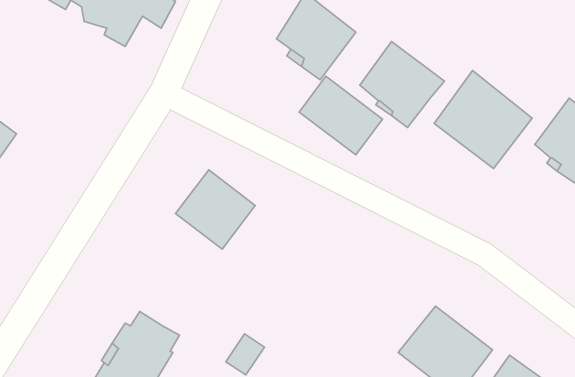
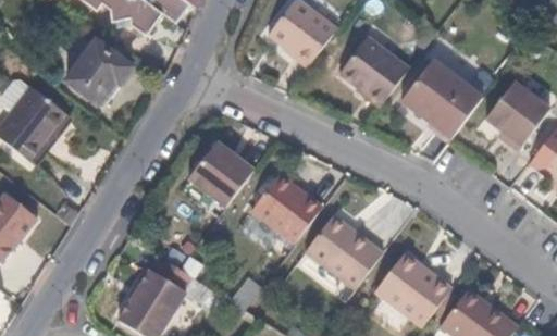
building: none -> [67,40,133,105]
building: [299,76,383,155] -> none
building: none -> [251,173,322,242]
building: none -> [302,212,382,288]

